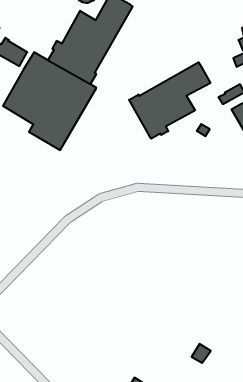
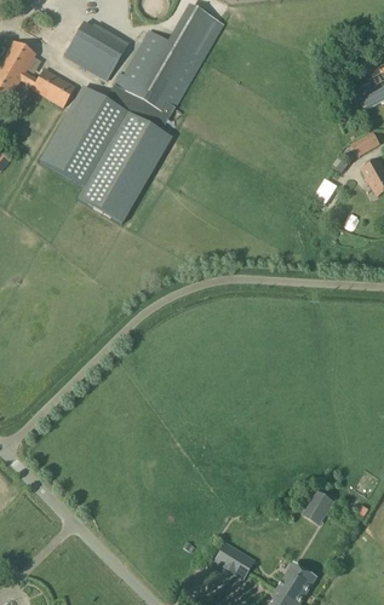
building: none -> [64,19,128,80]
building: [129,62,210,139] -> none

